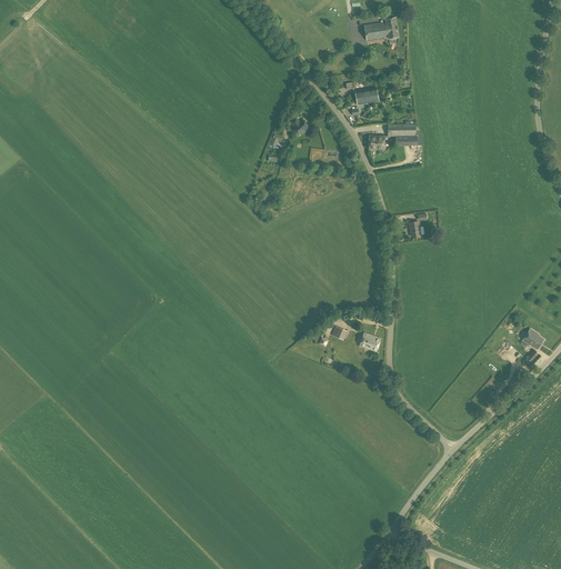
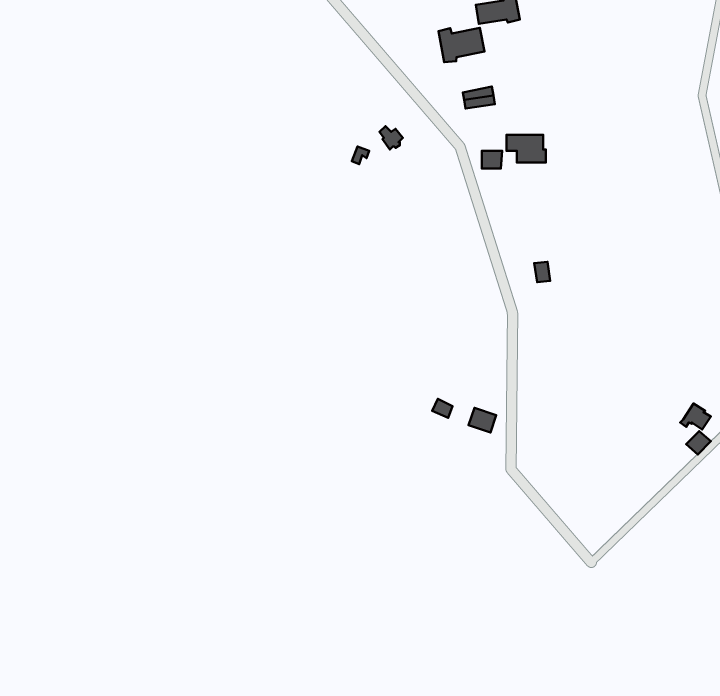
building: none -> [439,28,485,62]

